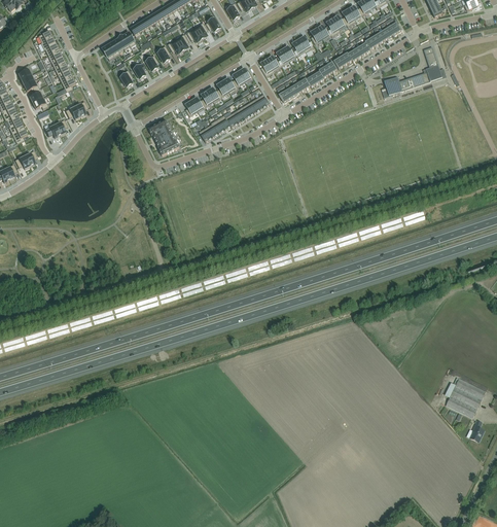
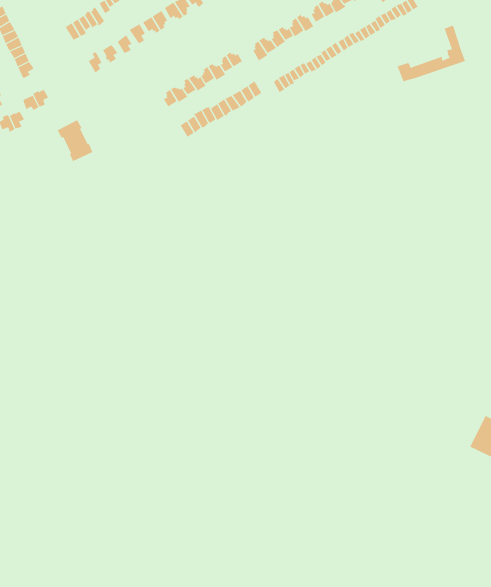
building: [148,118,179,154] -> [57,119,93,162]

